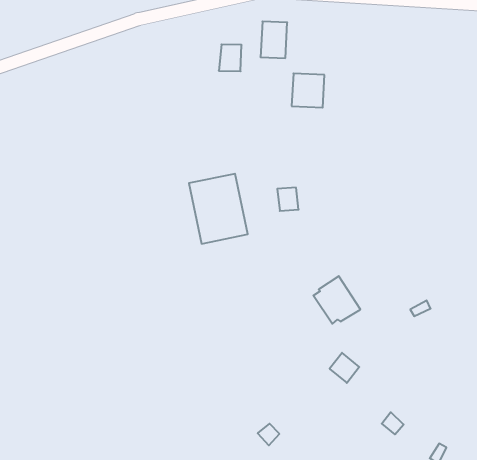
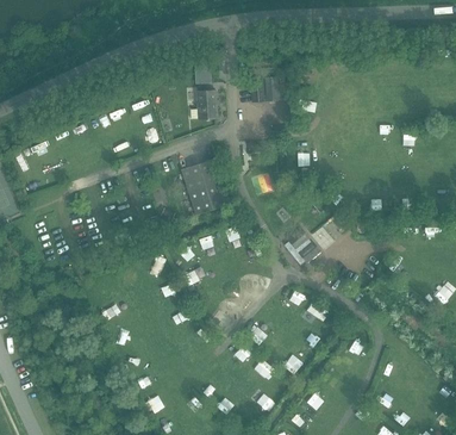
building: [260,21,287,58] -> [195,92,215,120]

